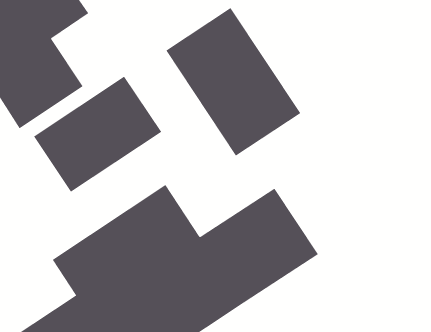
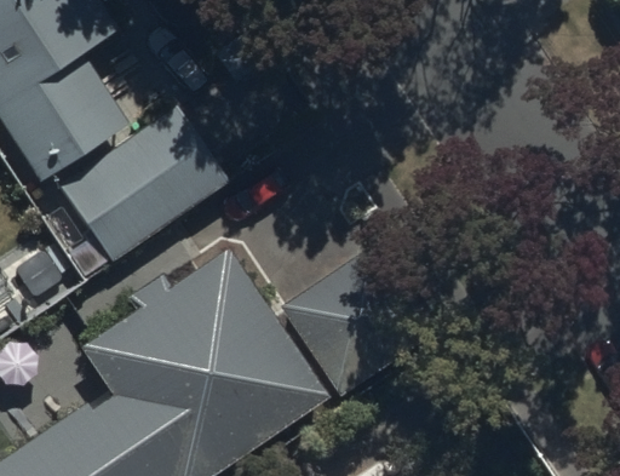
building: [165,7,301,157] -> none

